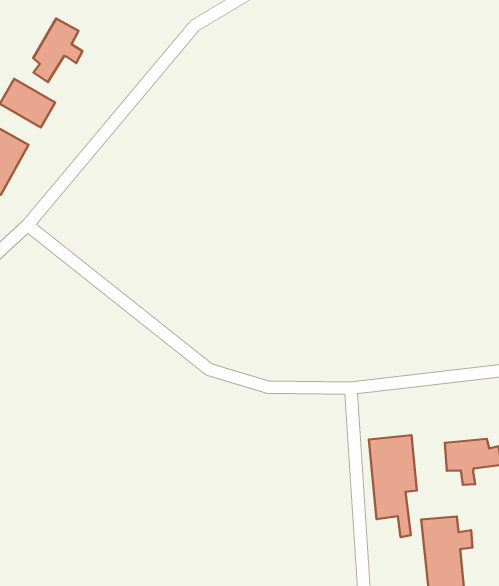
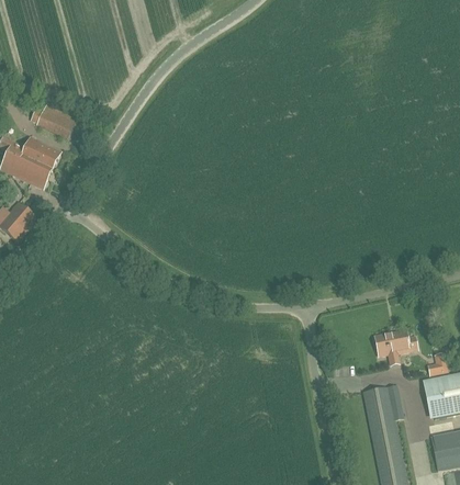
building: [33,18,82,82] -> none
building: [369,435,417,537] -> none

